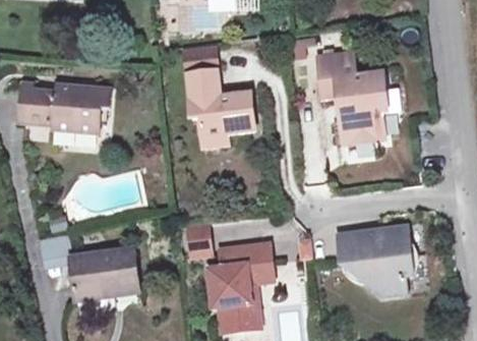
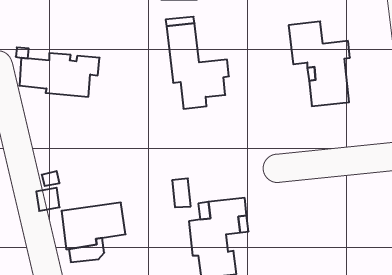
building: [338,225,412,294] -> none

